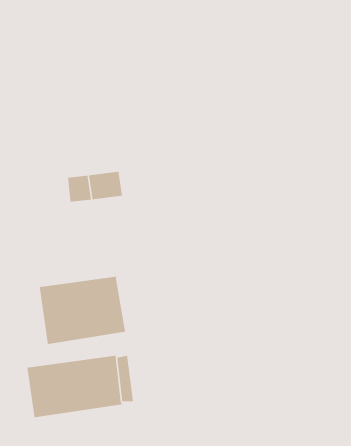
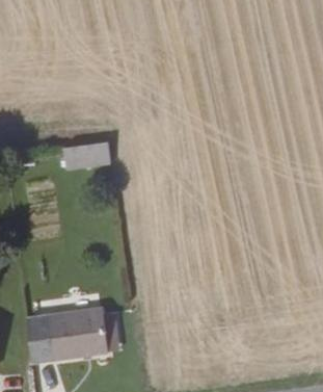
building: [39,276,126,345] -> none

